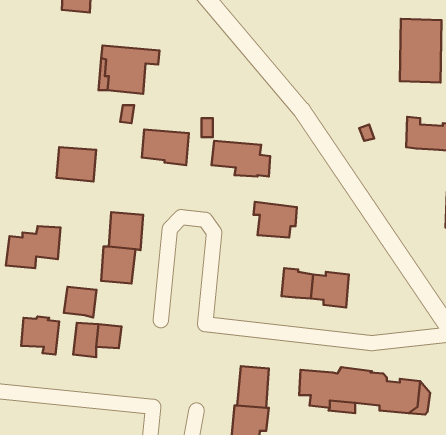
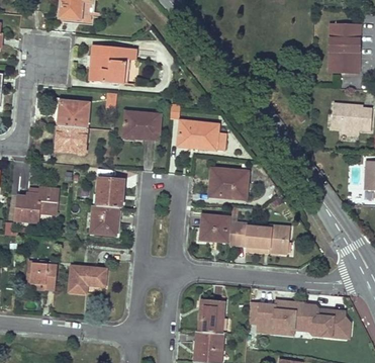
building: none -> [58,100,89,127]
building: none -> [200,214,229,242]
building: [64,287,96,318] -> none

